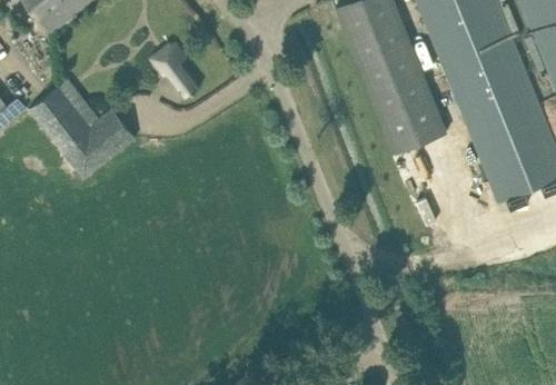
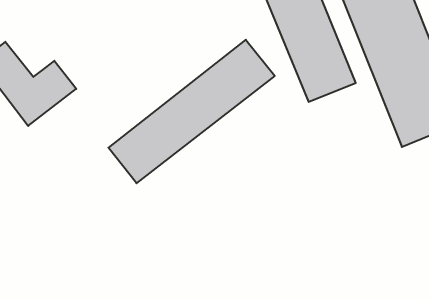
building: [160,57,200,100] -> none
building: none -> [108,40,275,183]

